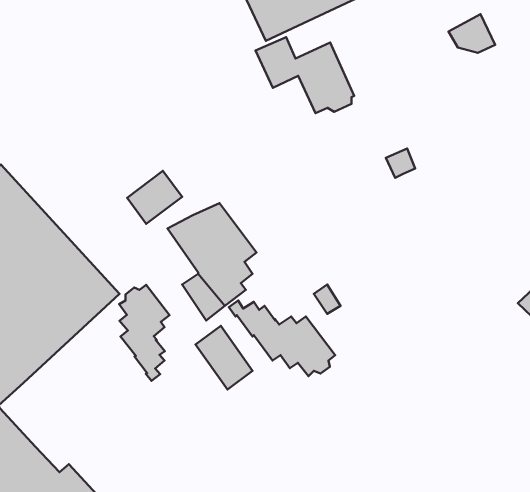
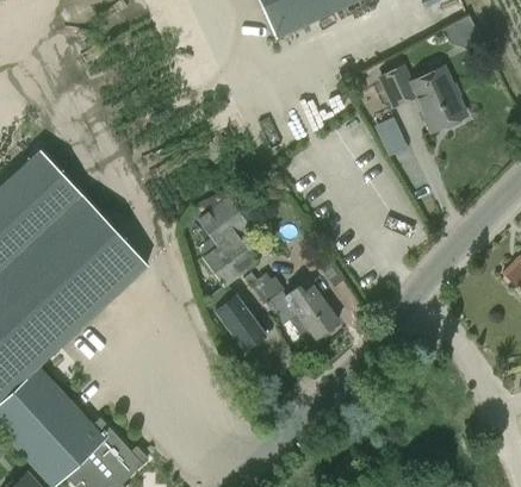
building: [256,37,354,113] -> [378,63,466,131]
building: [127,171,182,224] -> none
building: [119,285,170,381] -> none

